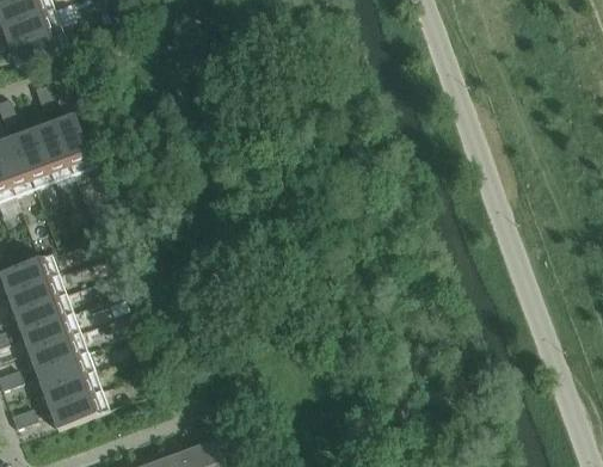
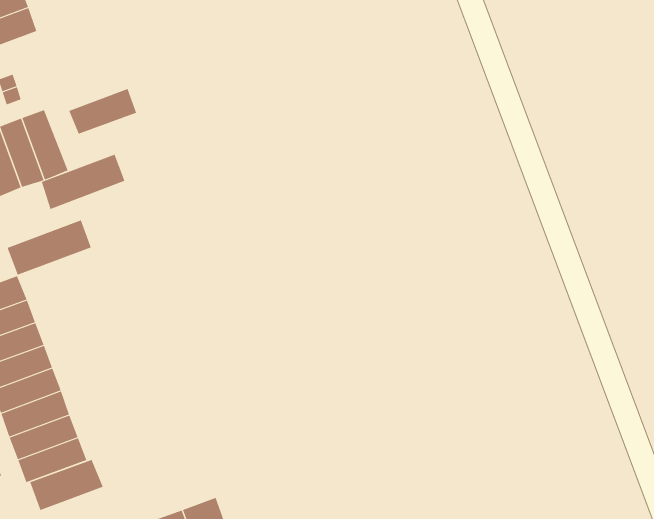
building: none -> [68,88,137,134]
building: none -> [41,154,125,210]
building: none -> [7,220,92,276]
building: none -> [29,459,103,511]

